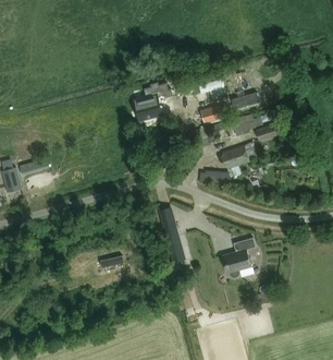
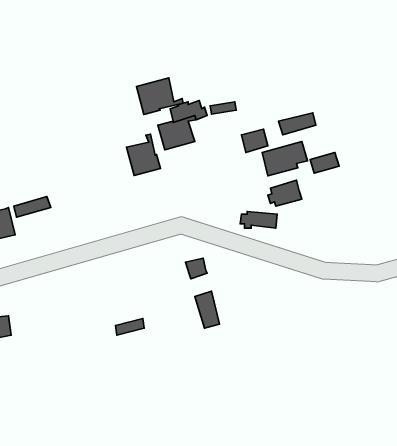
building: none -> [136,78,183,115]
building: none -> [127,134,160,175]
building: [222,237,256,277] -> none

